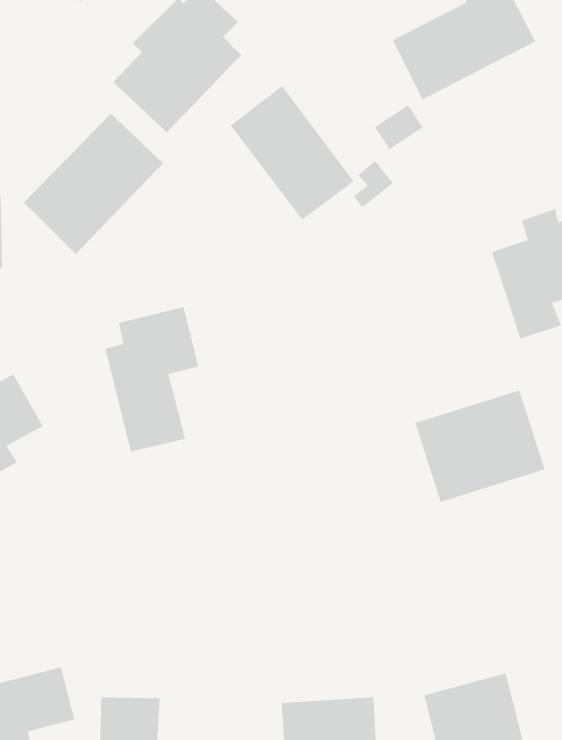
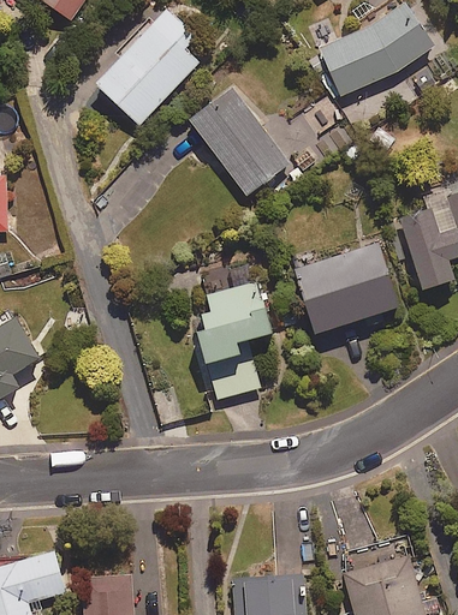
building: [23,113,164,255] -> none
building: [105,306,199,452] -> [195,283,270,400]
building: [415,390,545,503] -> [295,244,399,334]

